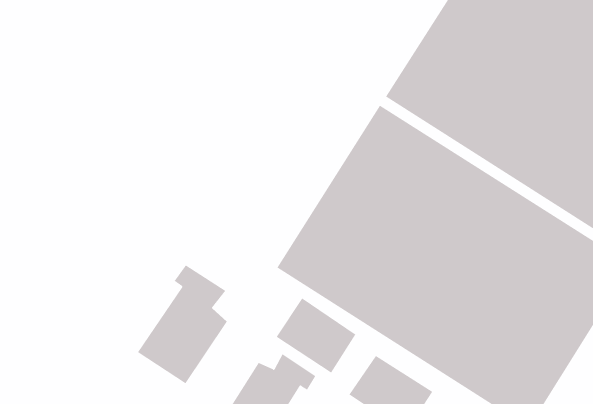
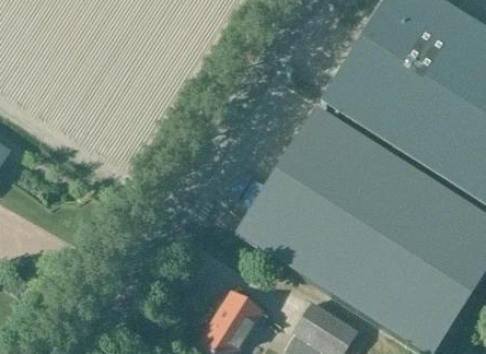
building: [137,264,227,384] -> none
building: [276,298,356,374] -> none

